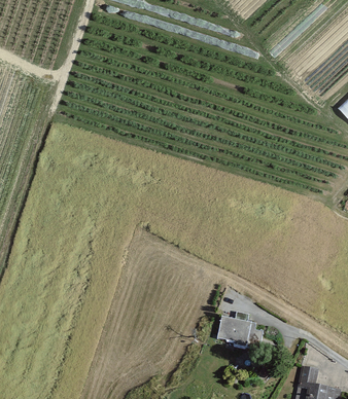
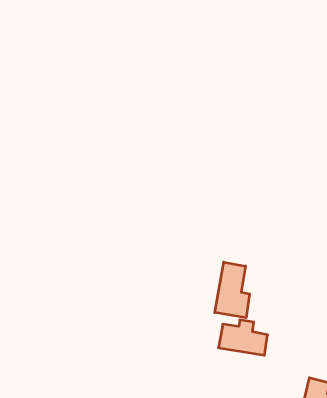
building: none -> [215,262,250,318]

